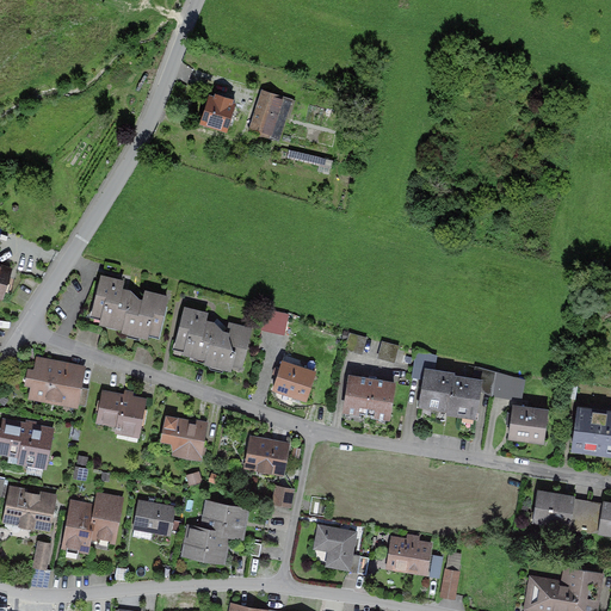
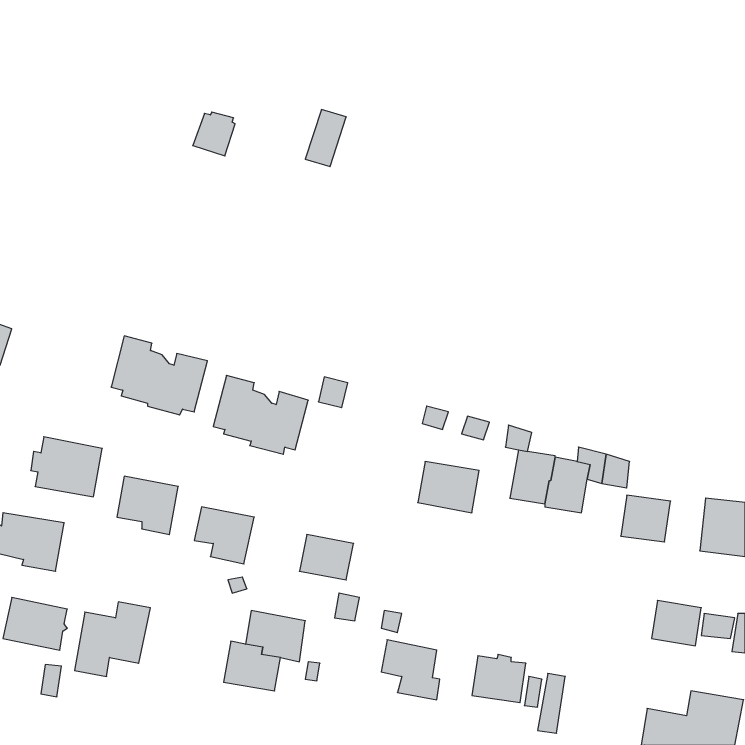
building: [200,93,235,129] -> [193,112,235,156]
building: [273,362,315,397] -> none
building: [132,496,175,533] -> none

